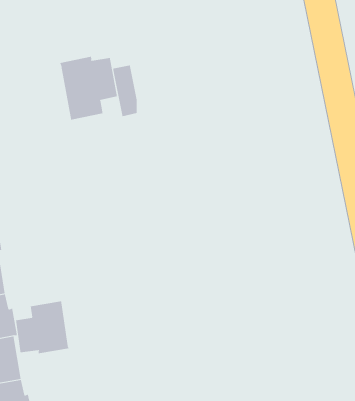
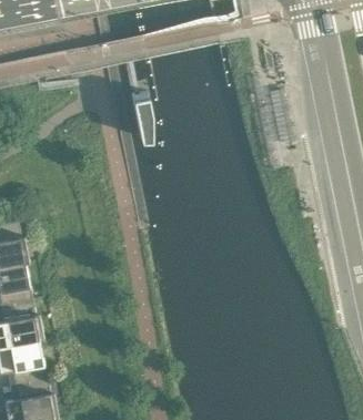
building: [59,56,117,120] -> none
building: [15,301,70,354] -> none

